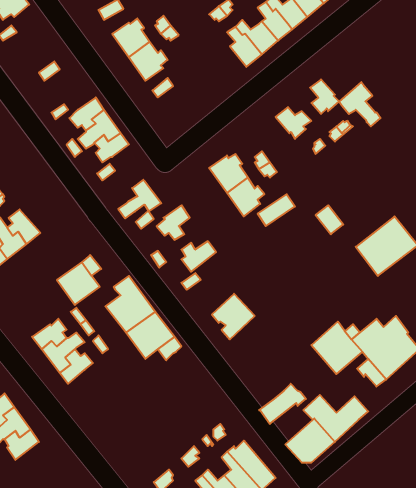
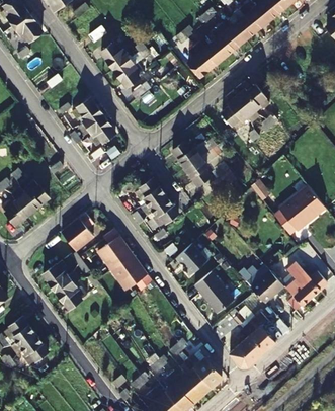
building: [339,82,381,126] -> [228,89,258,121]
building: [118,180,161,218] -> [140,187,171,216]
building: none -> [193,269,235,311]

